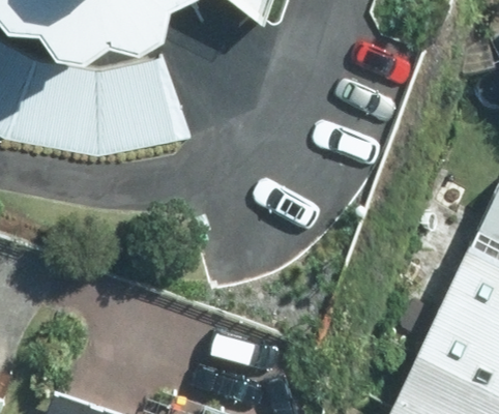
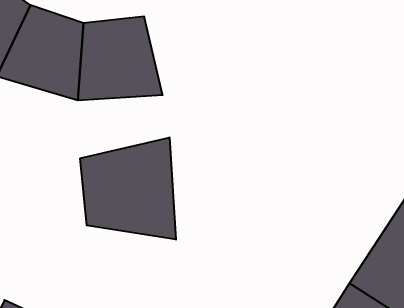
building: none -> [80,137,176,240]

